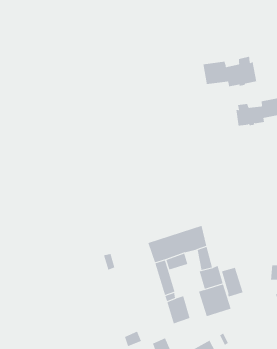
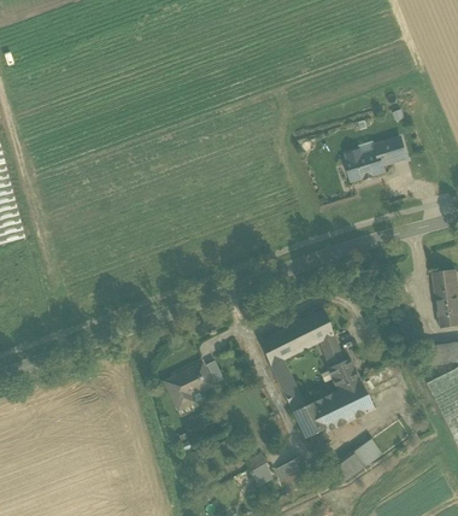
building: [203,56,257,87] -> none
building: none -> [163,367,211,410]
building: [221,267,244,297] -> [312,393,344,432]

